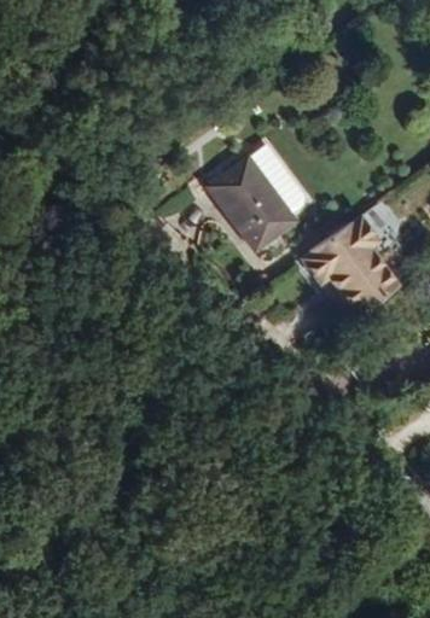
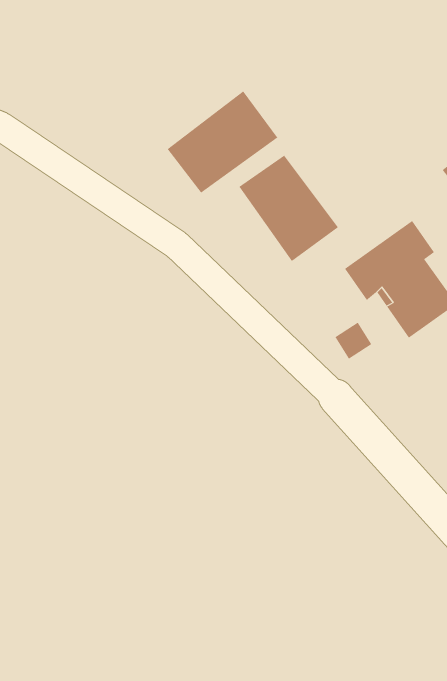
building: none -> [167,90,278,193]

